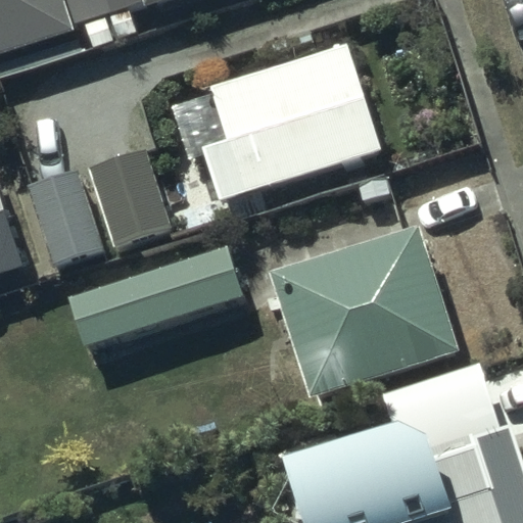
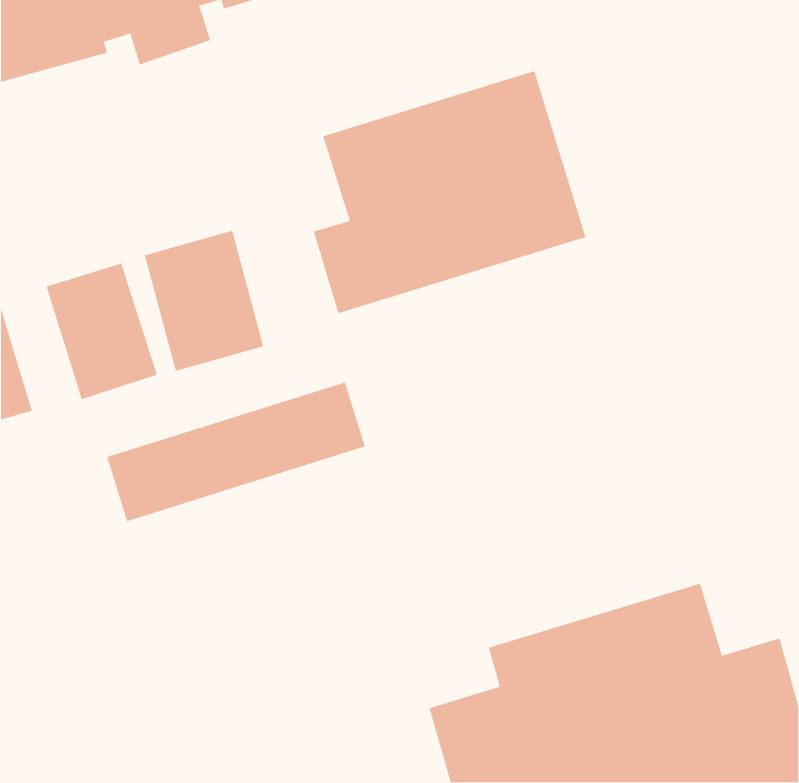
building: [269,229,453,390] -> none

